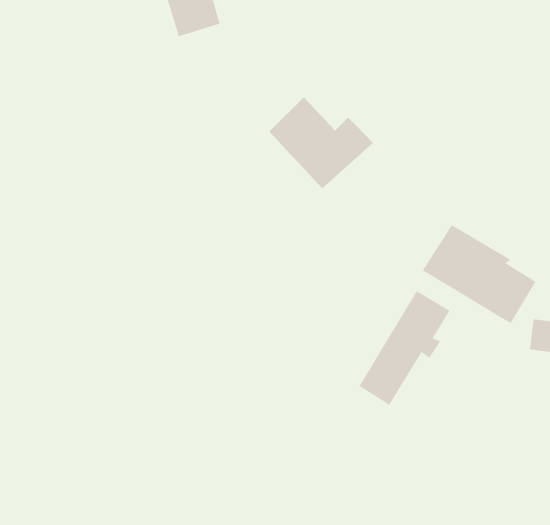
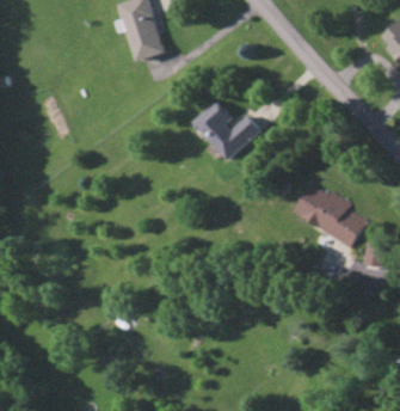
building: [358,290,451,406] -> none

